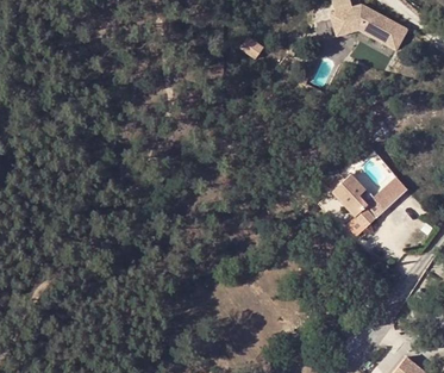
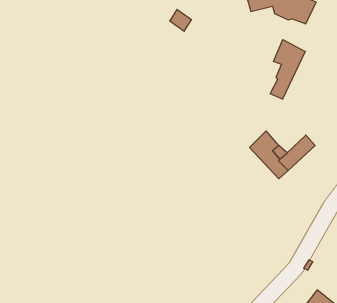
building: none -> [270,40,305,99]

